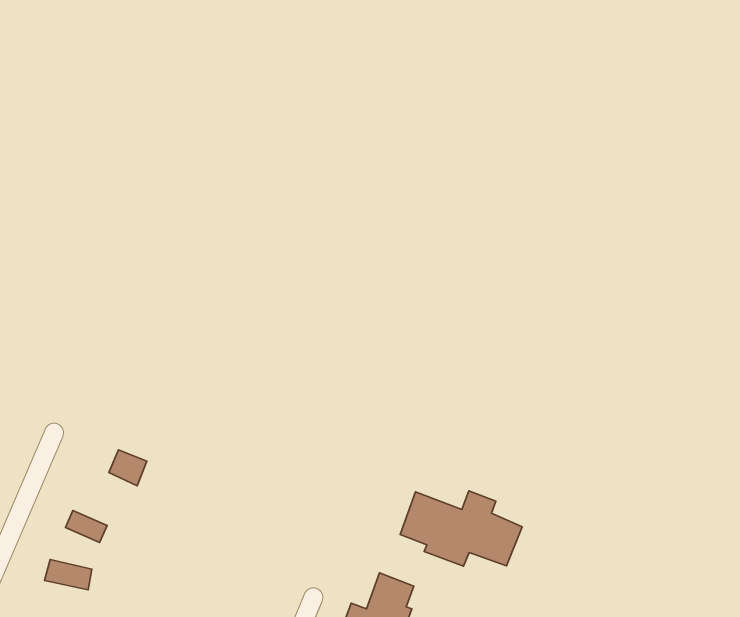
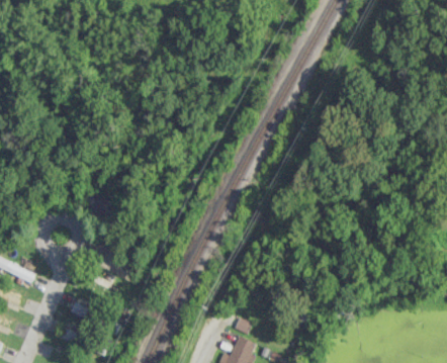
building: [400,491,522,566] -> none

